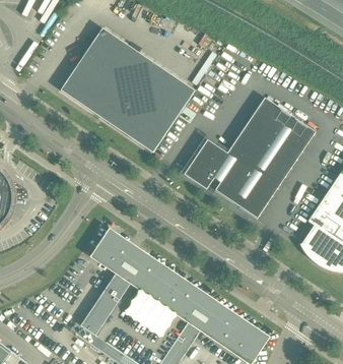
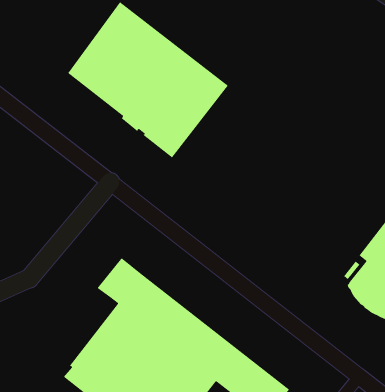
building: [184,97,316,218] -> none

